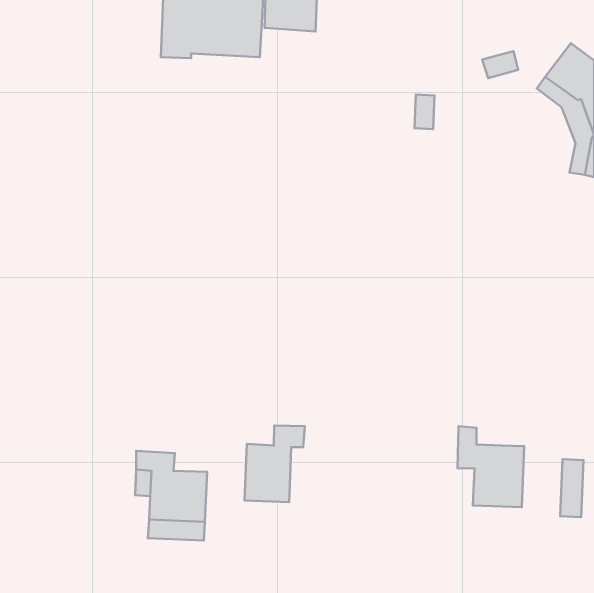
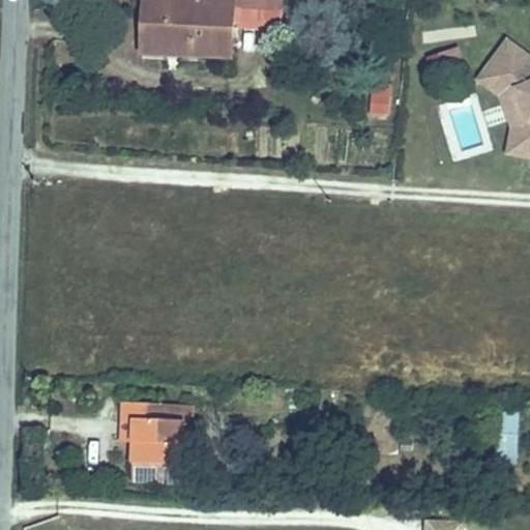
building: [245,426,305,502] -> none
building: [457,426,524,507] -> none

